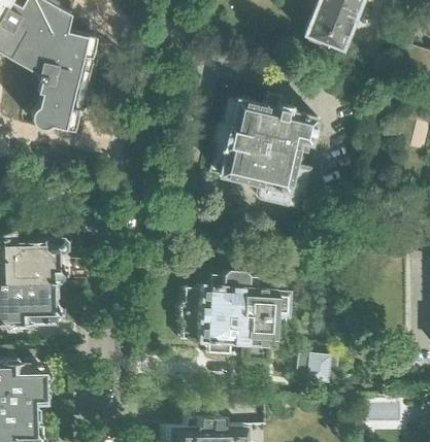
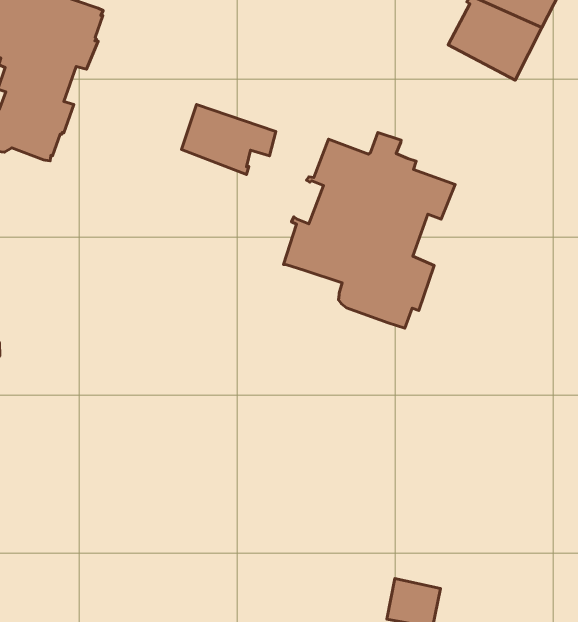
building: none -> [182,104,276,174]
building: [183,272,290,364] -> none

